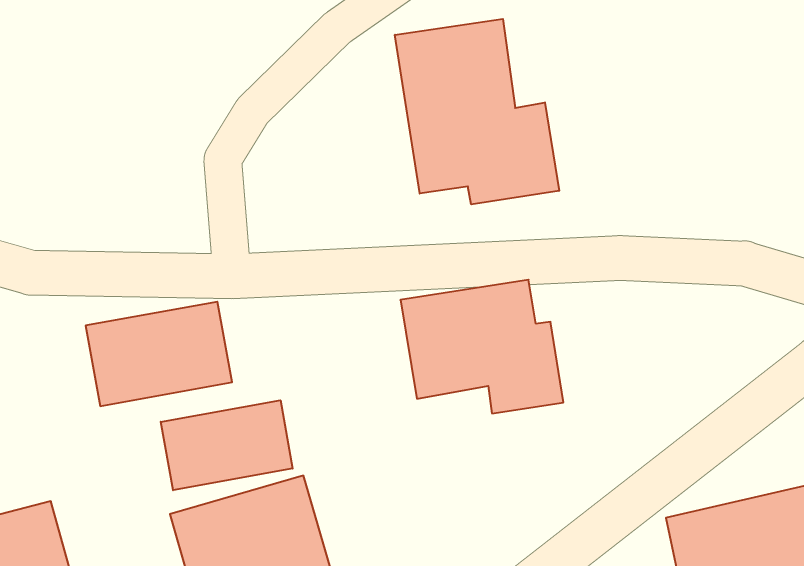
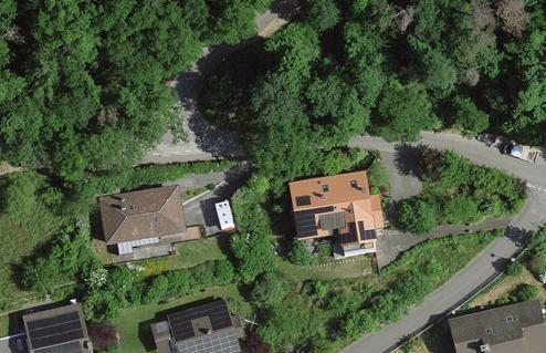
building: [395,19,559,204] -> none
building: [161,400,293,490] -> none

